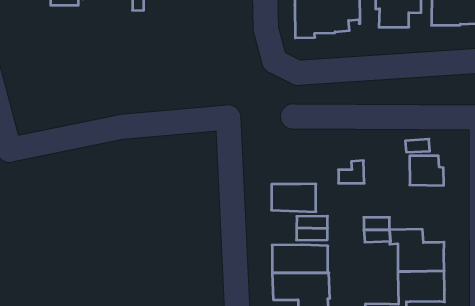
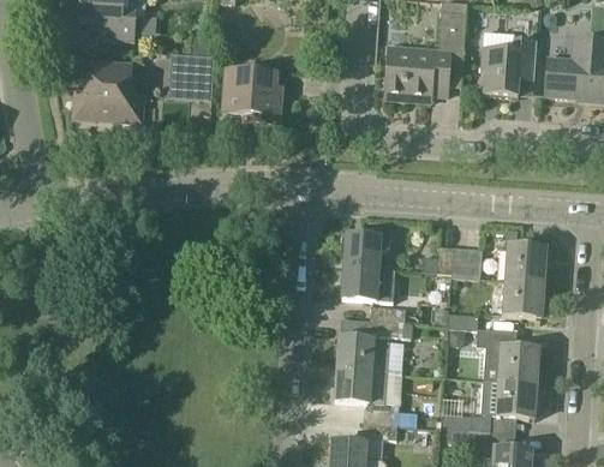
building: none -> [178,62,209,89]
building: none -> [223,67,281,124]
building: none -> [79,58,144,120]
building: none -> [343,224,390,268]
building: none -> [450,246,482,277]
building: none -> [502,279,544,316]

